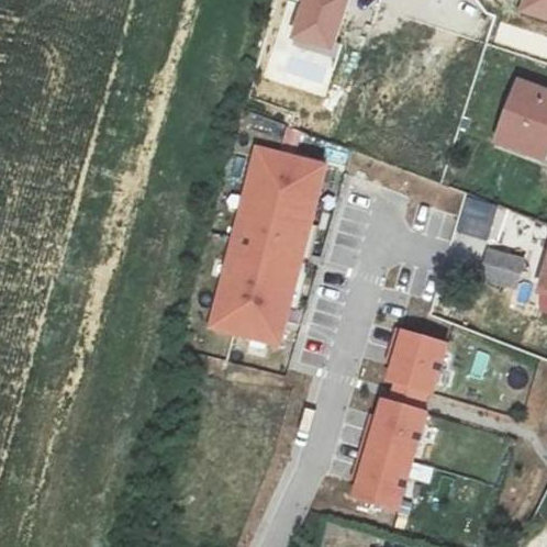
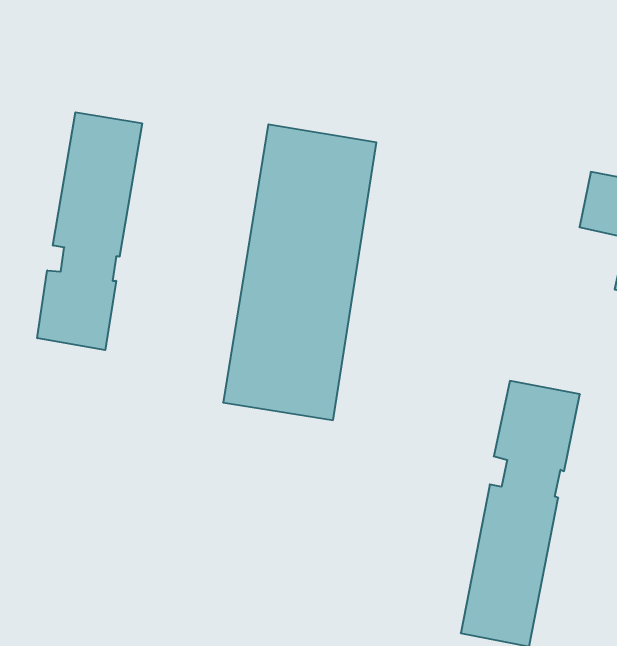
building: none -> [37,112,142,350]

